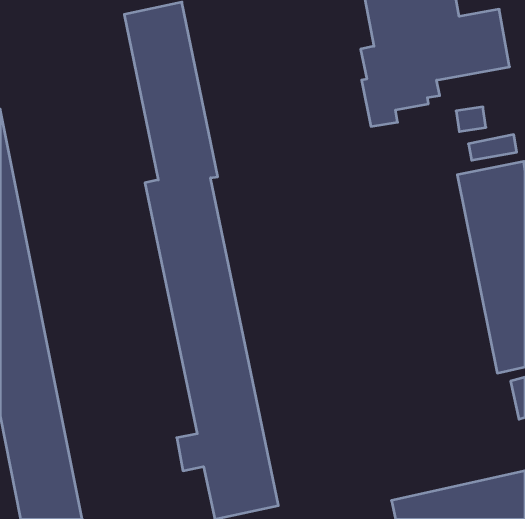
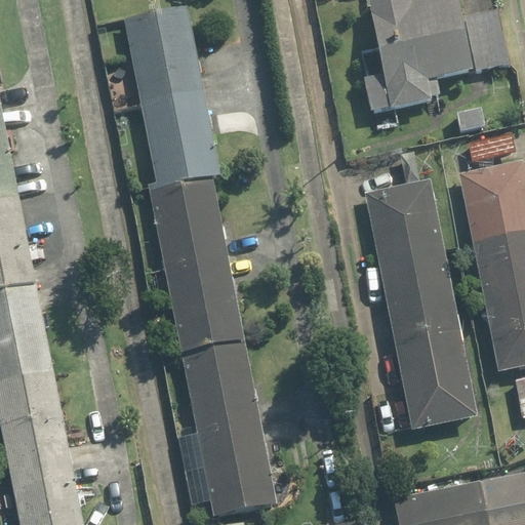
building: none -> [362,178,477,433]

